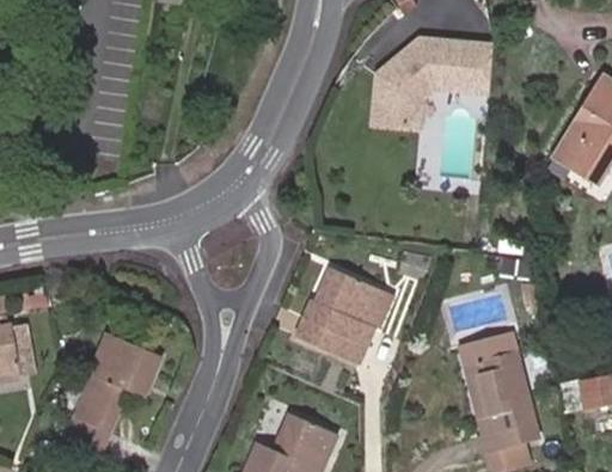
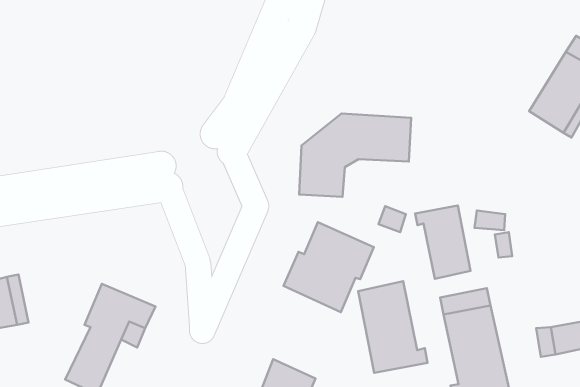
building: [368,44,485,131] -> [299,113,411,197]
building: none -> [415,205,471,279]
building: none -> [358,281,428,373]

